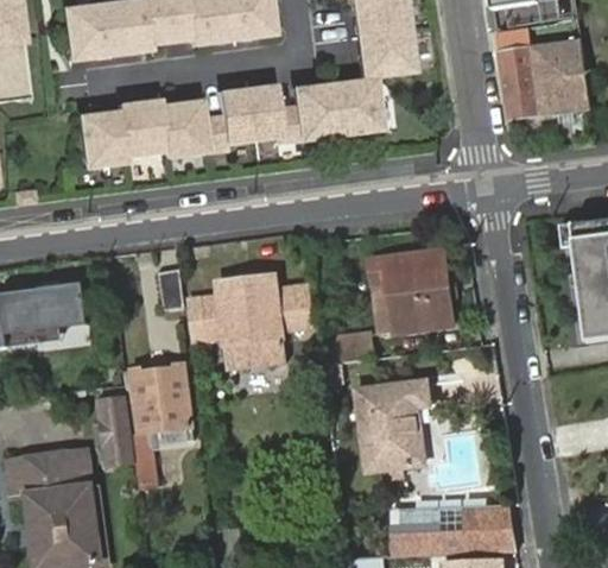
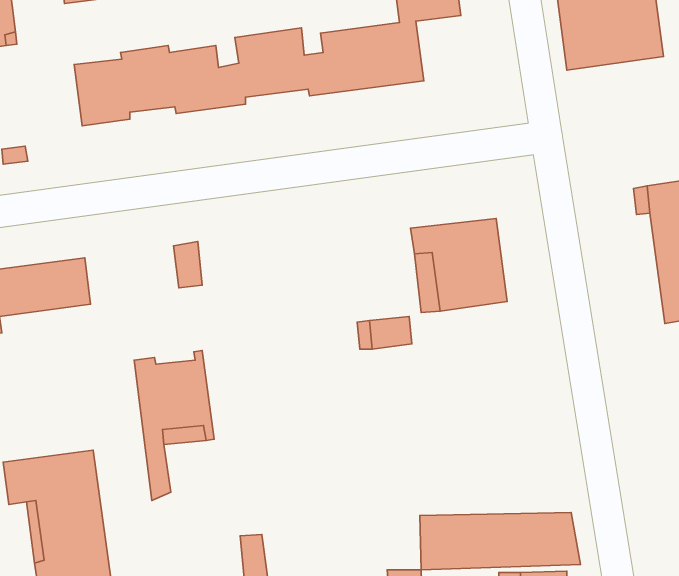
building: [194,276,314,370] -> none
building: [360,383,431,471] -> none
building: [102,399,134,463] -> none

